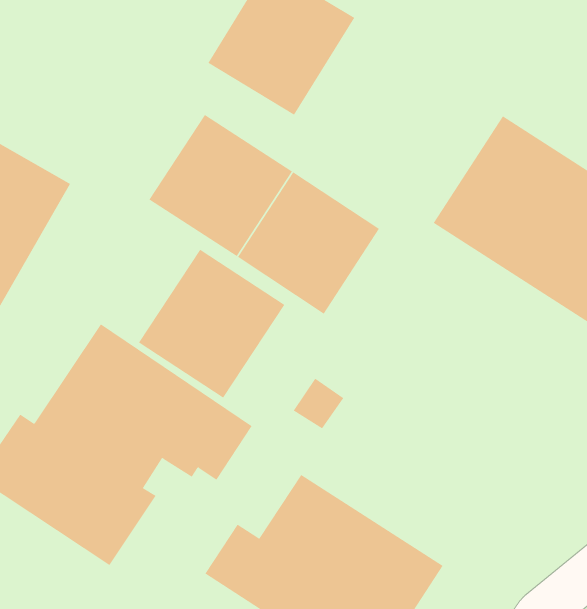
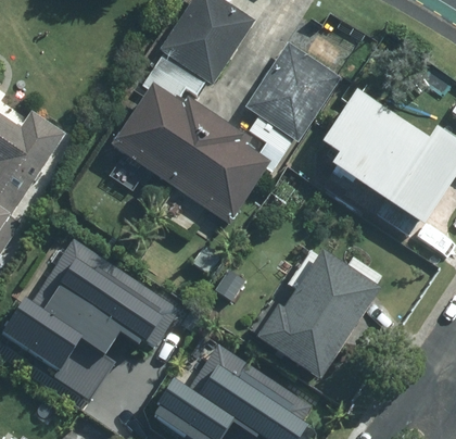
building: none -> [244,42,343,143]
building: [138,249,285,398] -> none
building: none -> [253,249,382,387]

